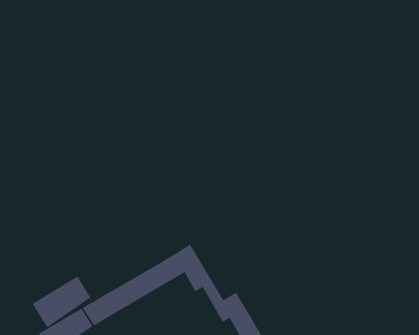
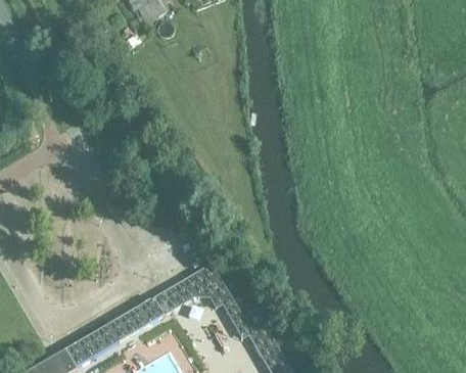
building: [32,276,91,328] -> none

